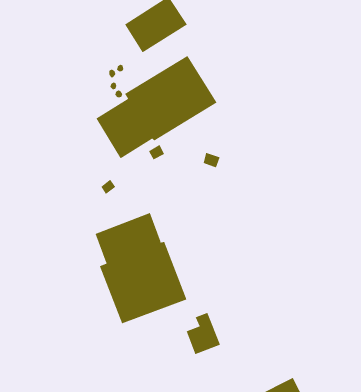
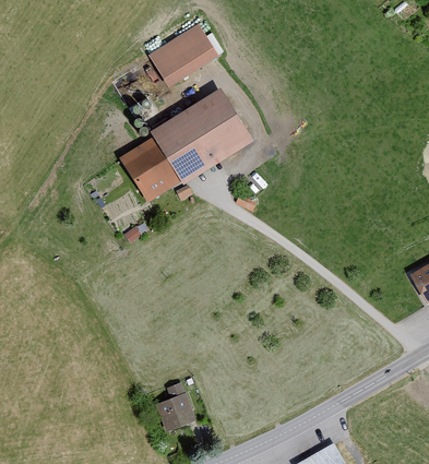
building: [95,212,187,324] -> none
building: [186,312,221,355] -> [157,384,195,431]

